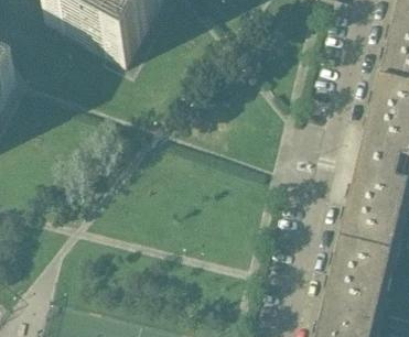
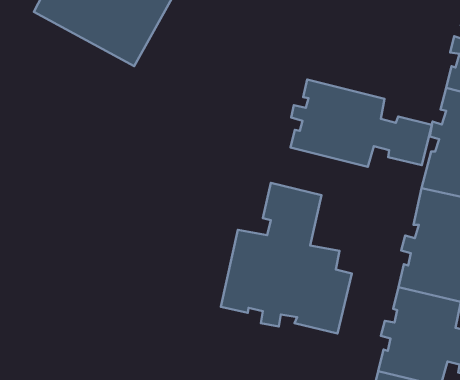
building: none -> [291,79,432,167]
building: none -> [221,183,352,333]

